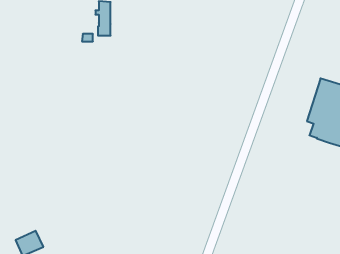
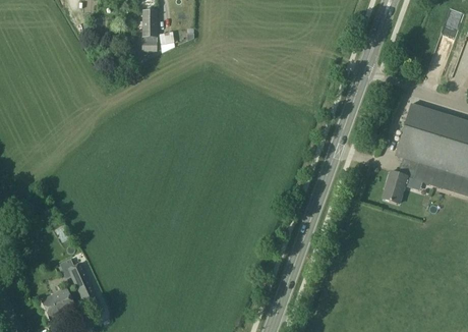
building: none -> [386,169,423,202]
building: none -> [68,261,103,311]

